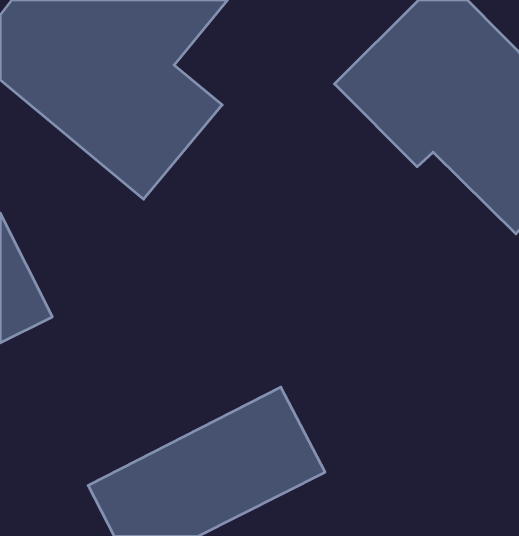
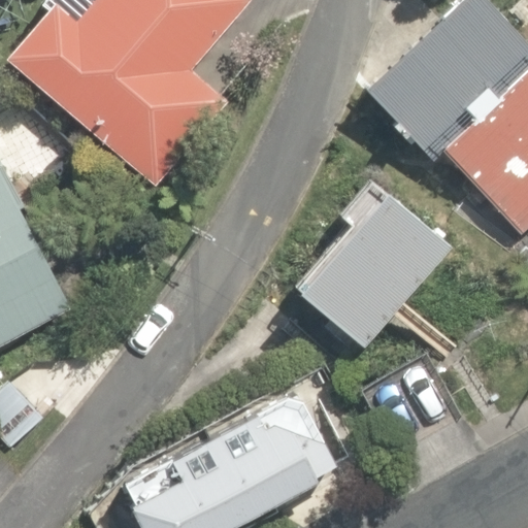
building: none -> [284,189,441,356]

